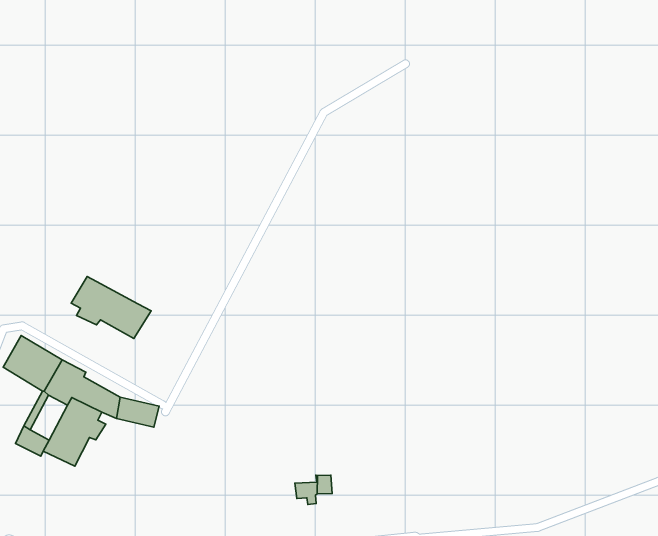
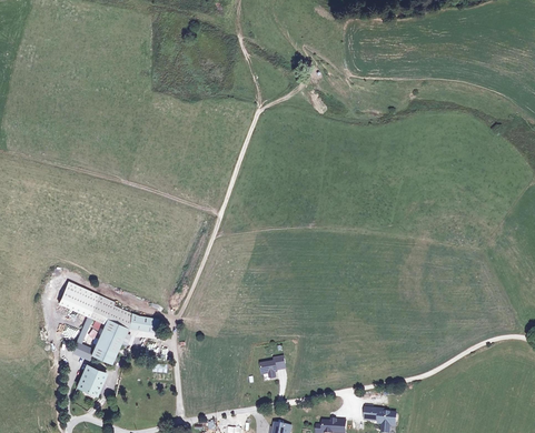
building: [71,276,151,339] -> none
building: none -> [76,364,107,396]

